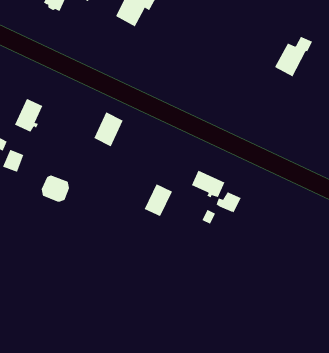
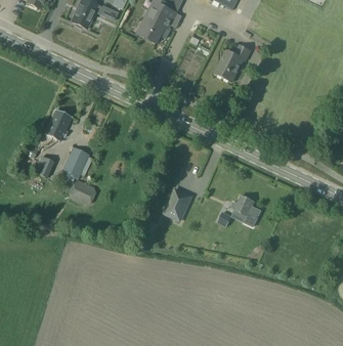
building: [274,36,313,77] -> [215,44,251,82]
building: [94,112,123,147] -> [62,145,90,178]
building: [191,170,225,198] -> none

